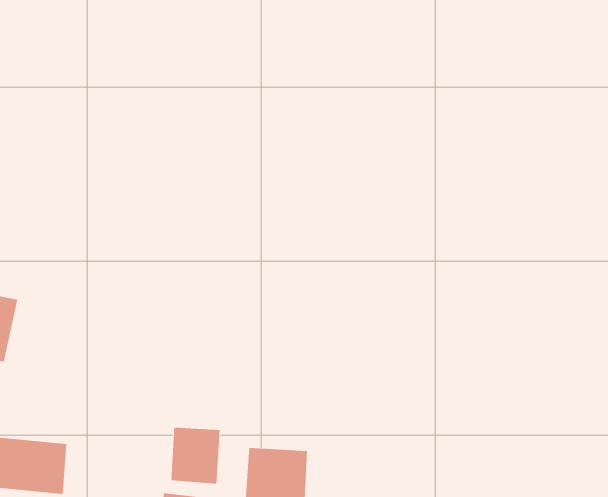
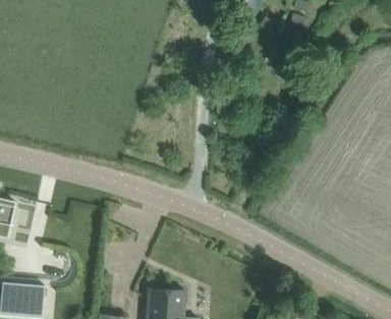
building: [171,427,220,484] -> none

